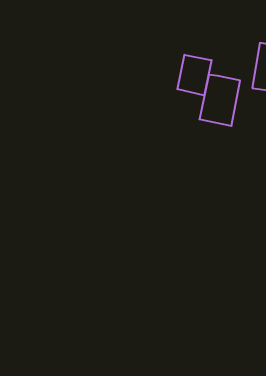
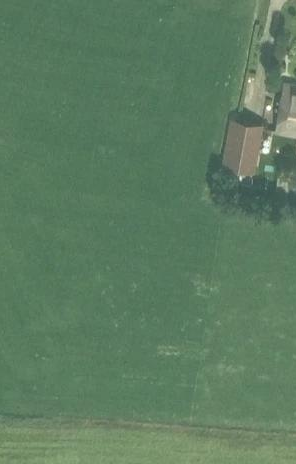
building: [177,55,212,95] -> none

